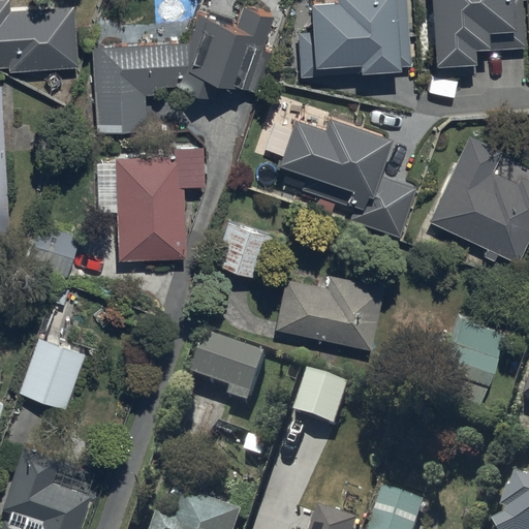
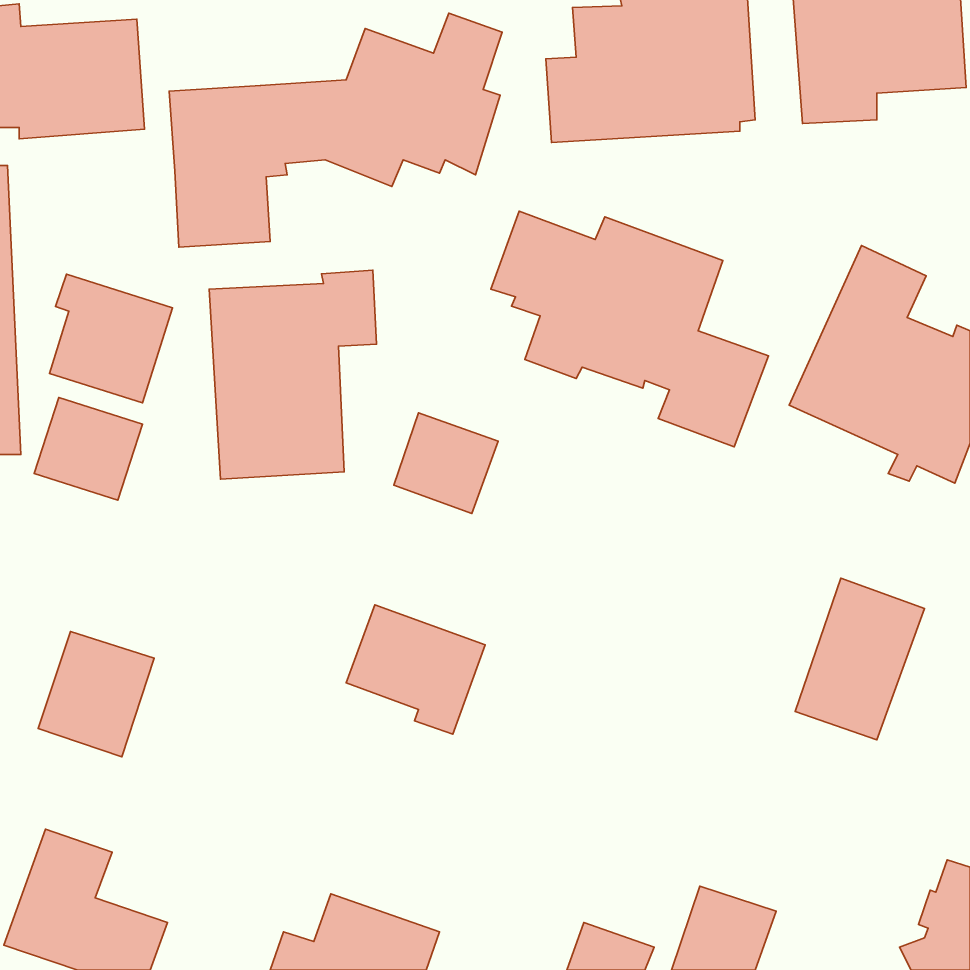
building: none -> [50,274,173,403]
building: [276,276,383,353] -> none
building: [293,367,348,419] -> none

